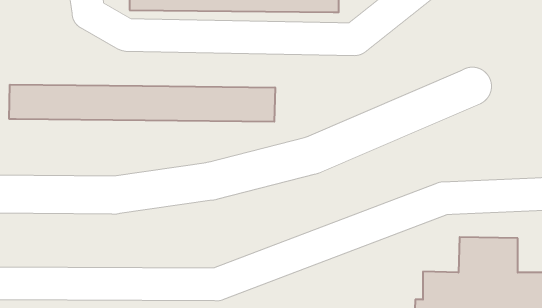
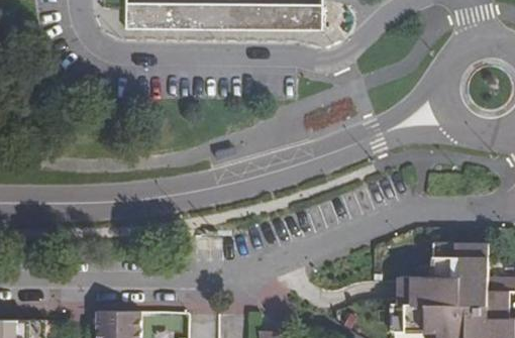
building: [9,85,275,122] -> none

